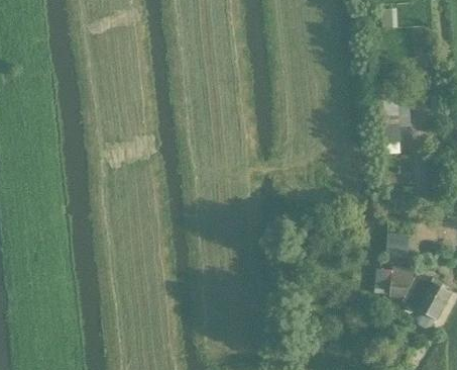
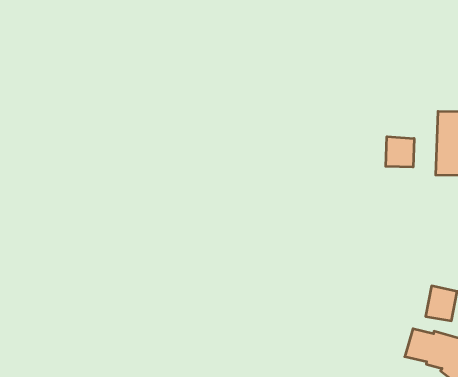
building: none -> [386,137,414,167]

